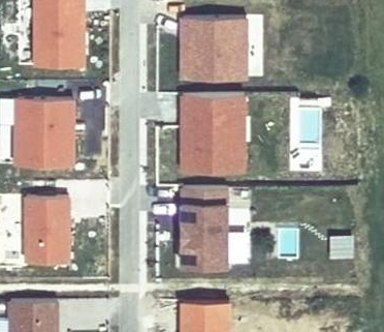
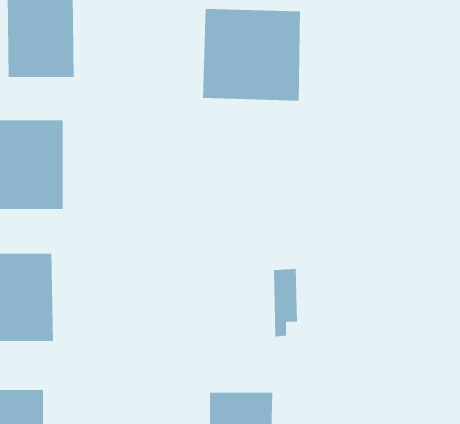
building: [180,95,247,176] -> none
building: [178,181,224,260] -> none

